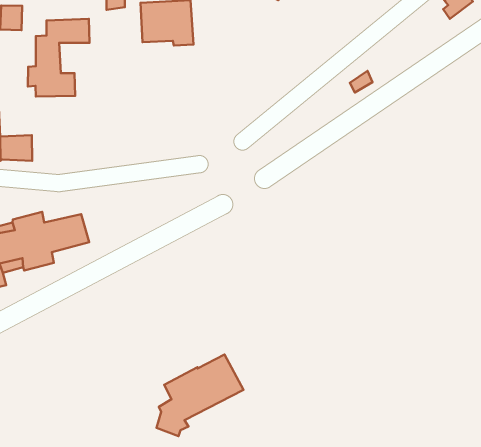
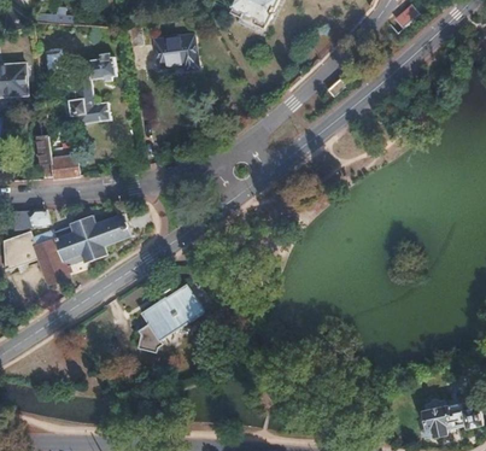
building: [157,355,244,436] -> [137,283,204,352]

